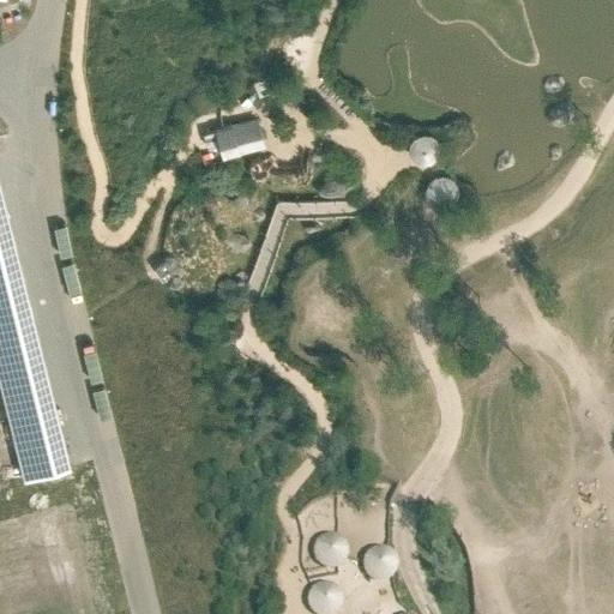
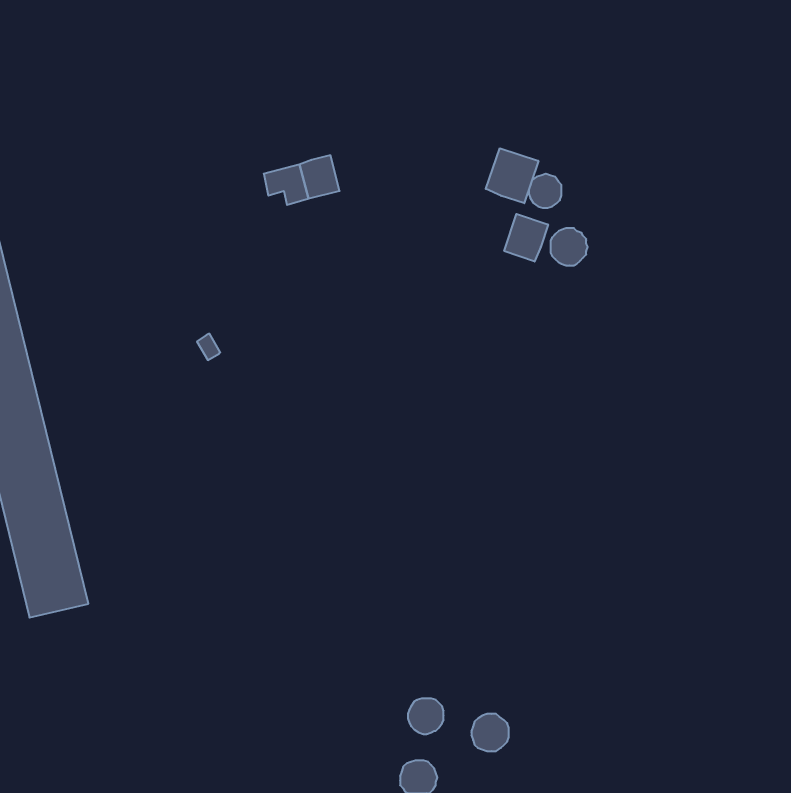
building: none -> [486,148,538,203]
building: none -> [504,214,548,262]

